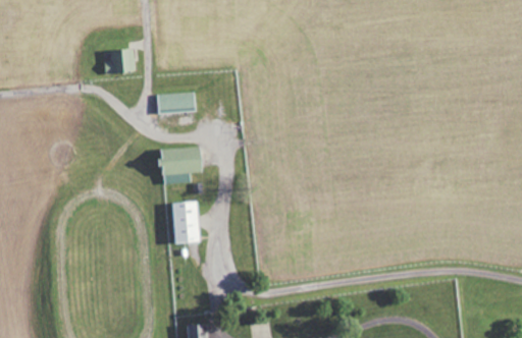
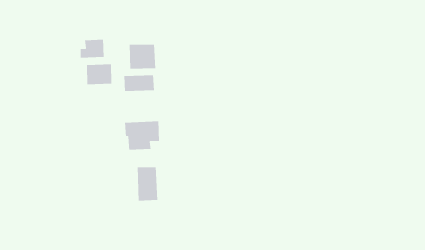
building: none -> [129,44,156,70]
building: none -> [86,64,112,85]

